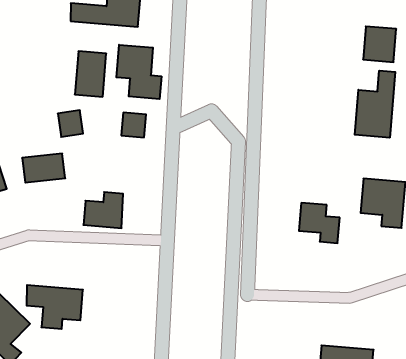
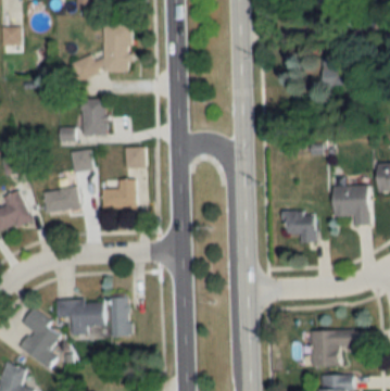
building: [116,45,161,99] -> none
building: [355,71,395,138] -> none
building: [83,192,123,228] -> [104,179,137,209]
building: none -> [112,297,130,336]

